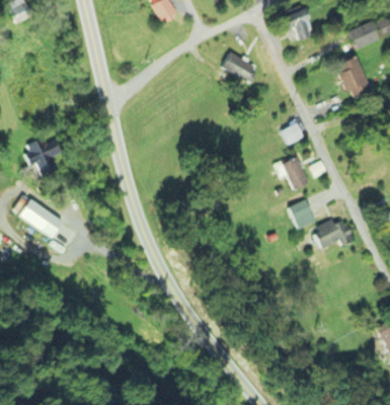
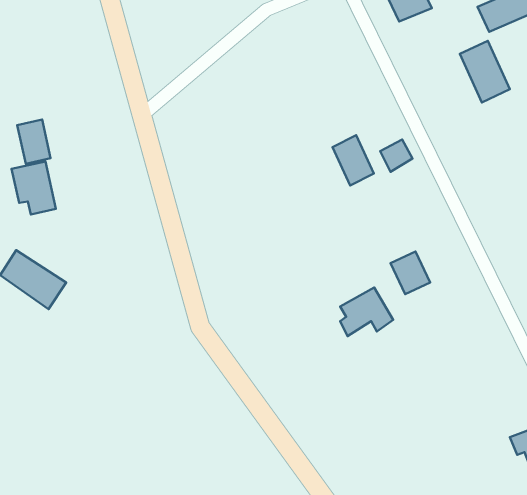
building: [222,51,261,83] -> none
building: none -> [17,120,51,164]
building: [280,155,308,189] -> [332,135,374,185]
building: [316,216,353,249] -> [340,287,393,336]

